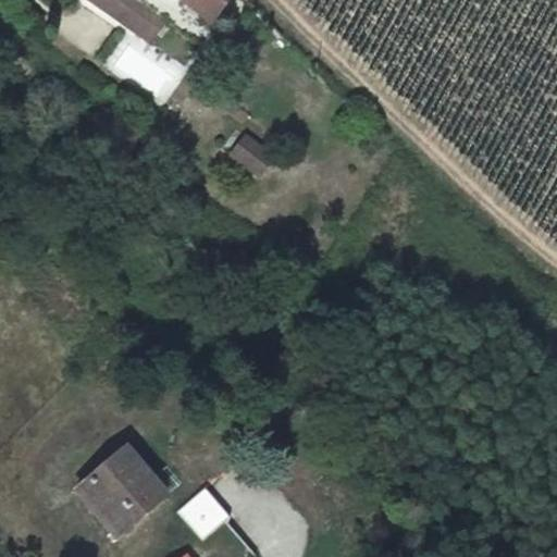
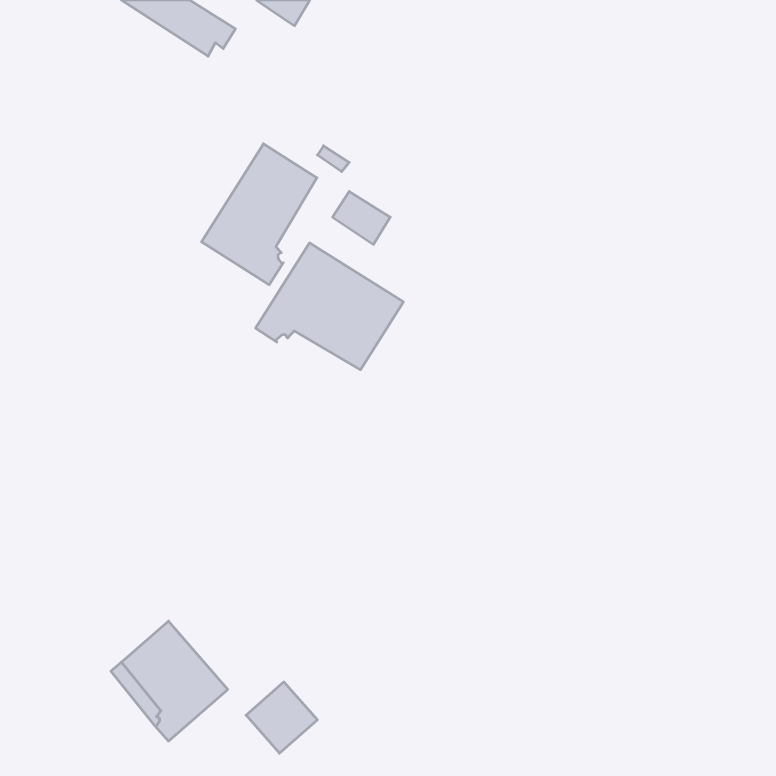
building: none -> [202,144,317,285]
building: none -> [256,243,403,370]

